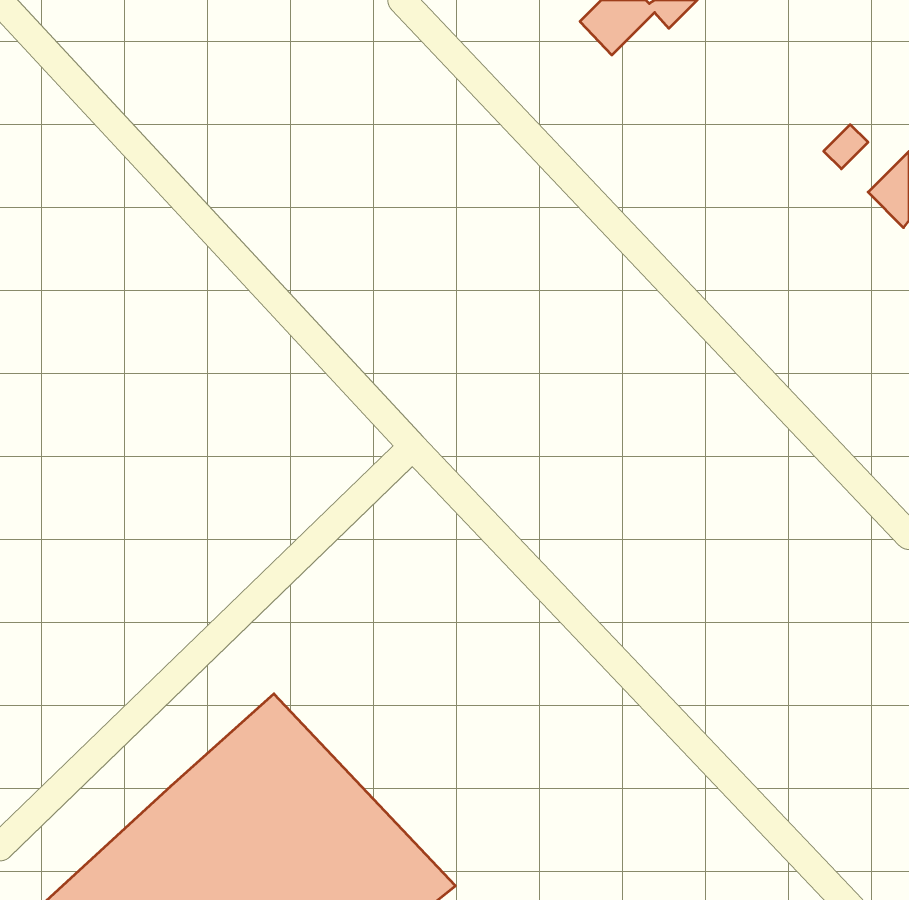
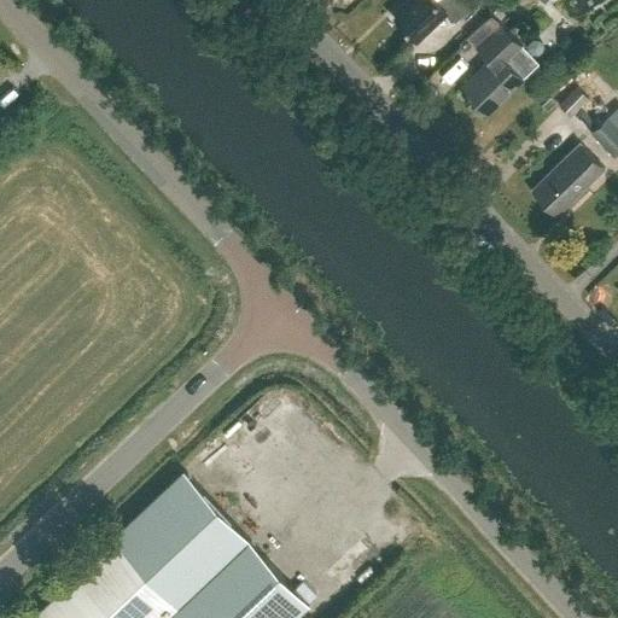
building: none -> [461,28,537,117]
building: none -> [531,146,604,218]

